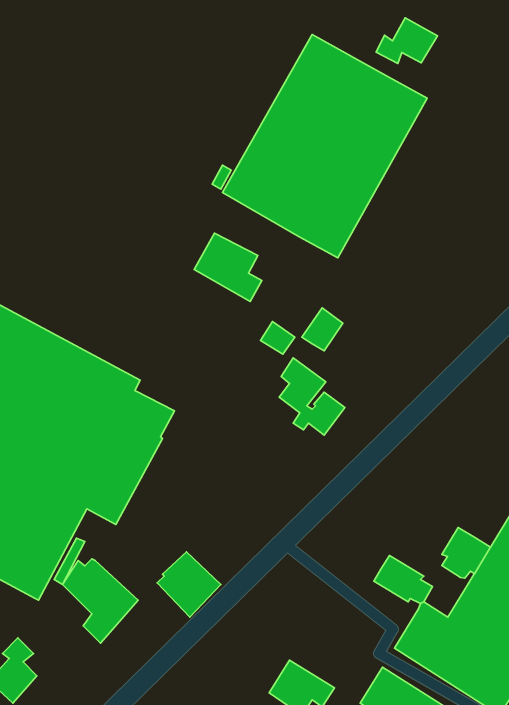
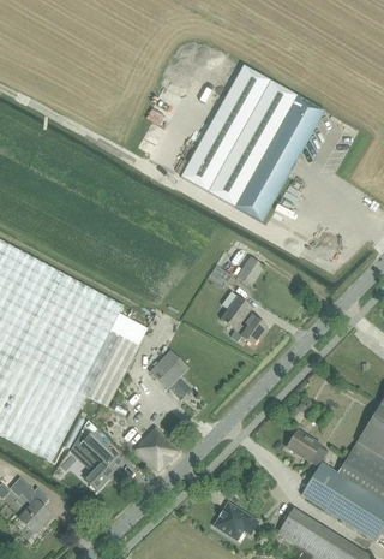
building: [376,18,438,64] -> none
building: [194,233,262,301] -> none
building: none -> [150,350,191,398]
building: [442,528,490,578] -> none

